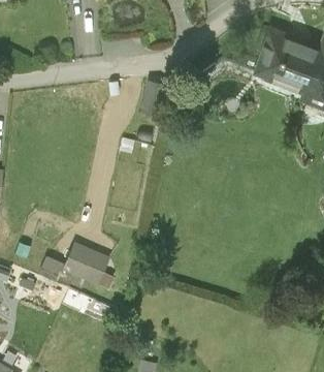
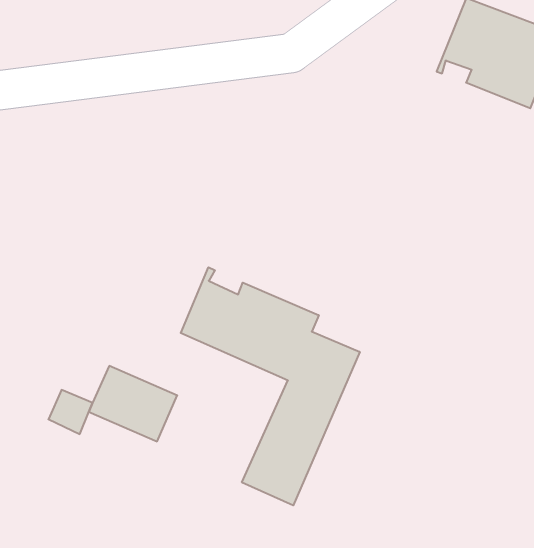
building: none -> [181,267,360,505]

